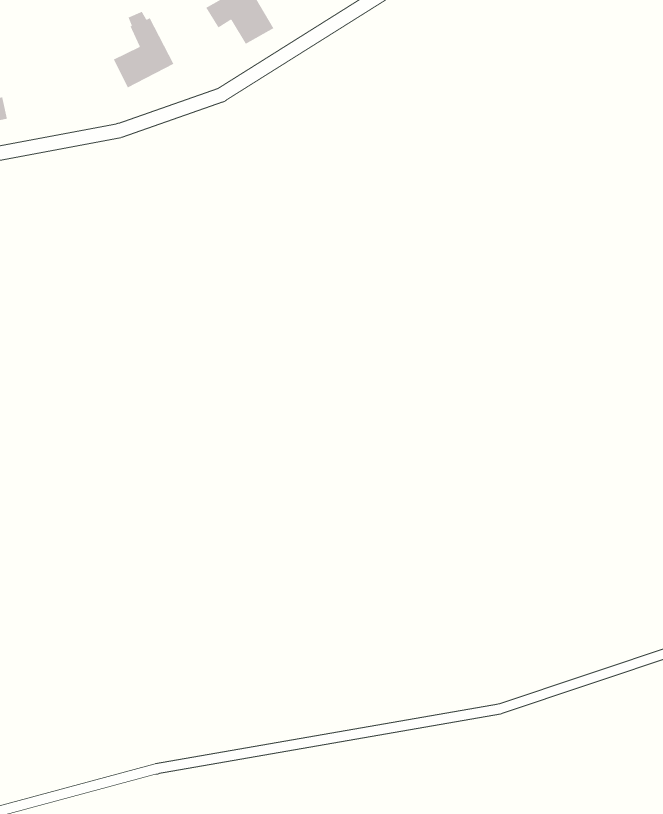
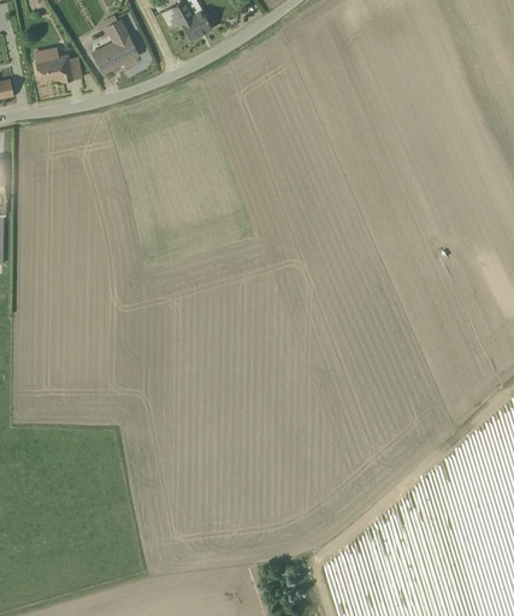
building: none -> [33,47,82,85]

